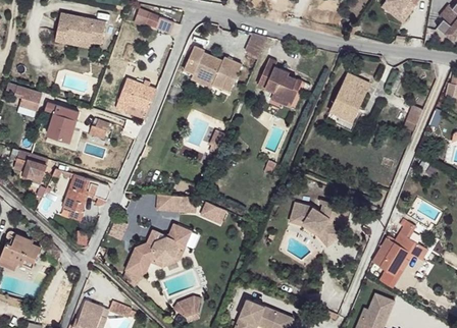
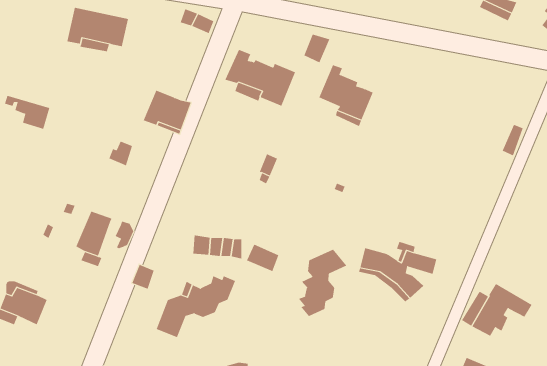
building: [329,73,369,121] -> none
building: [45,103,79,141] -> none
building: [11,148,48,177] -> none
building: none -> [298,249,347,317]

